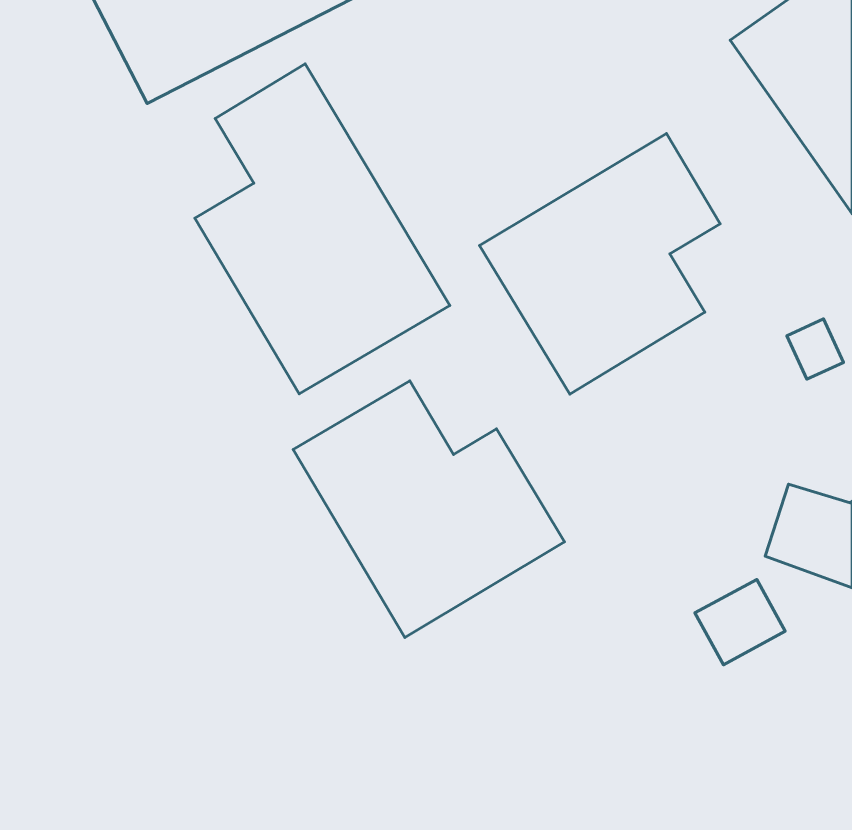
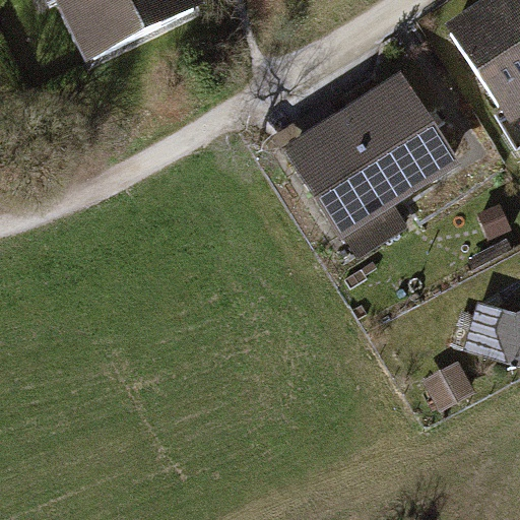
building: [195,64,450,394] -> none
building: [293,381,565,638] -> none

